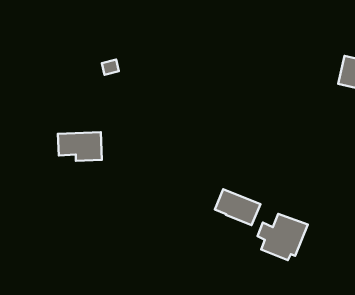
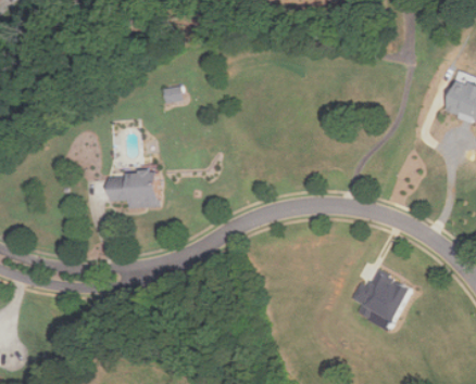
building: [215,189,261,225] -> none

